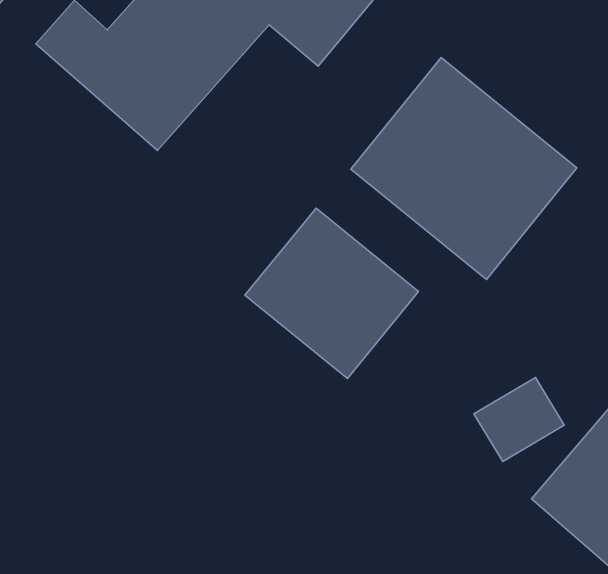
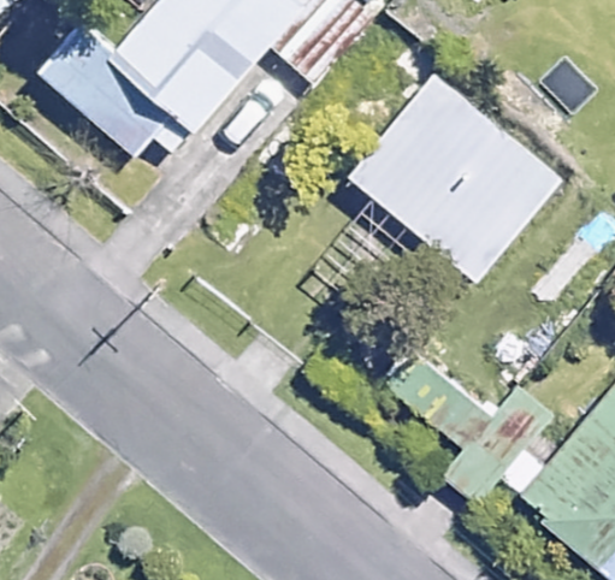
building: [245,208,419,378] -> none

